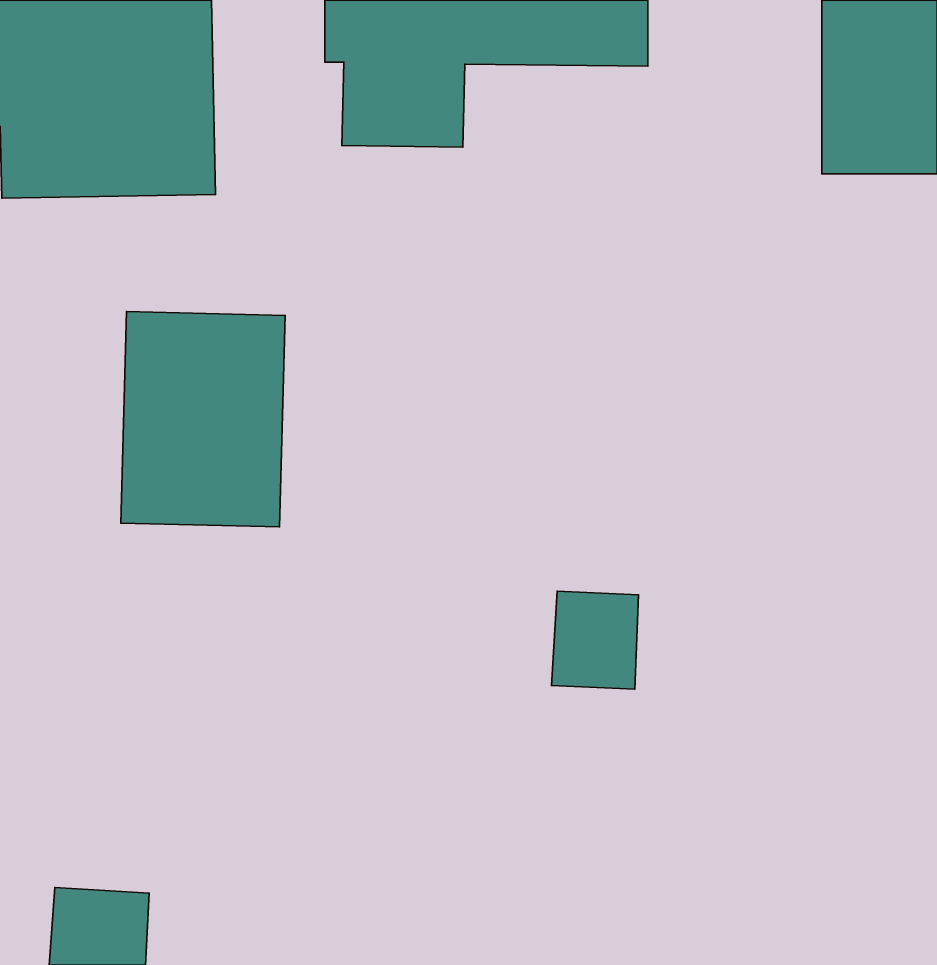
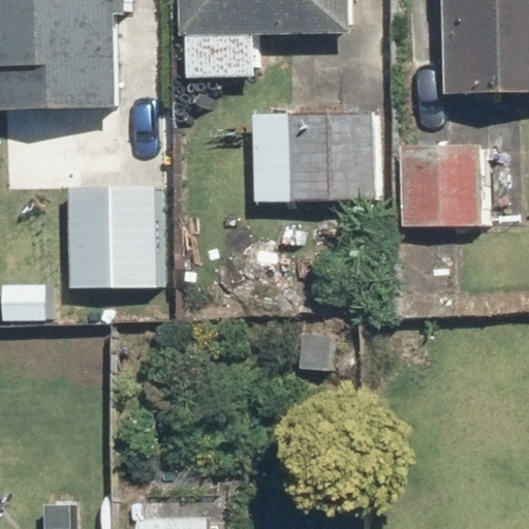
building: none -> [252,113,374,199]
building: none -> [402,147,479,229]

